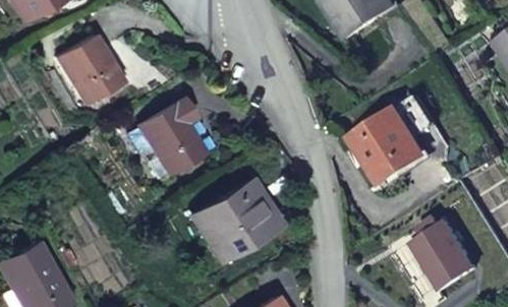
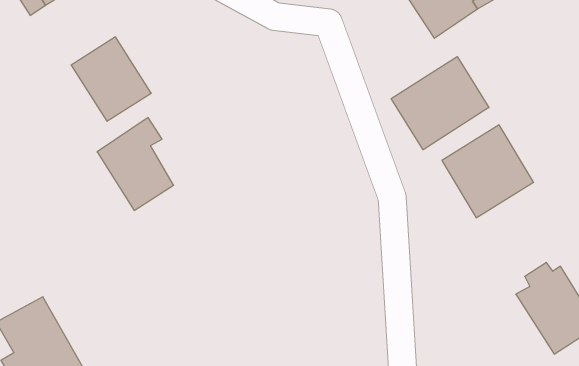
building: none -> [391,57,489,150]
building: [140,99,202,173] -> [97,118,174,210]
building: [193,184,272,260] -> none

